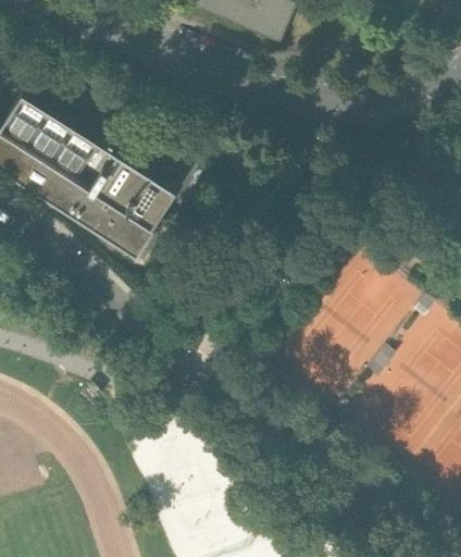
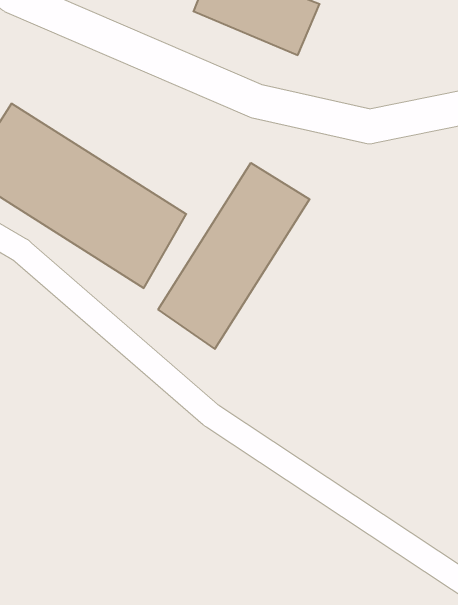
building: none -> [158,163,310,349]

